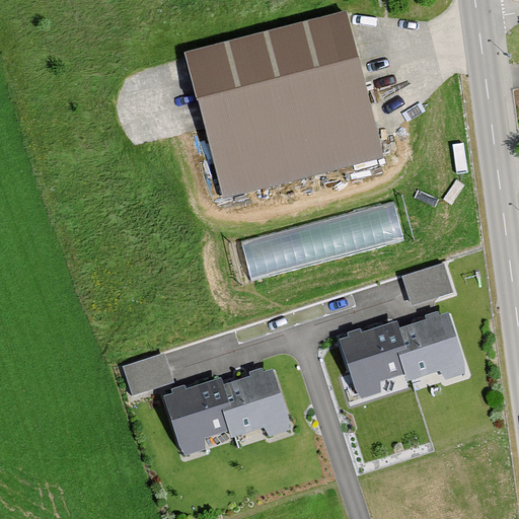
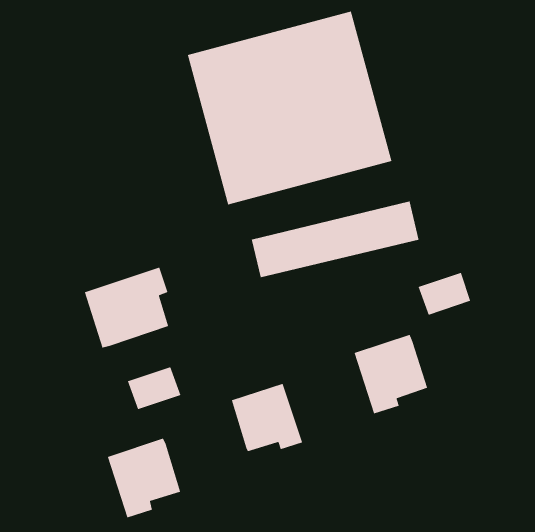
building: none -> [84,267,169,349]
building: [399,312,469,380] -> none
building: [165,380,237,458] -> [107,438,181,518]

